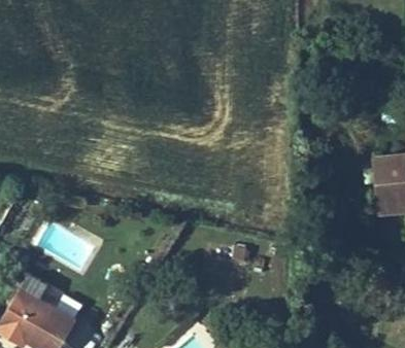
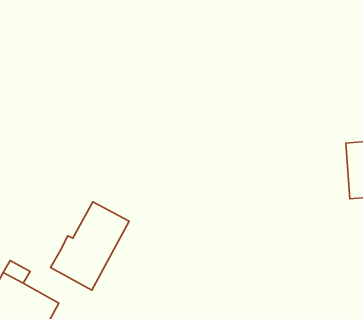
building: none -> [50,202,129,290]

